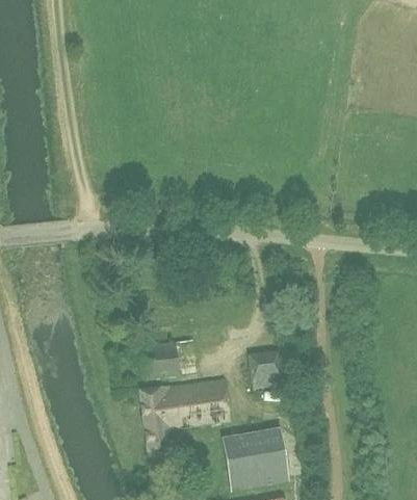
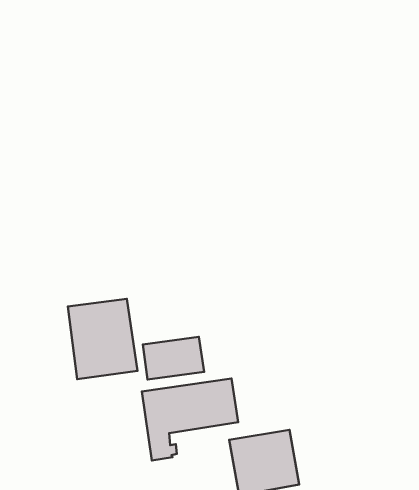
building: none -> [68,299,137,379]
building: [247,350,283,388] -> none

